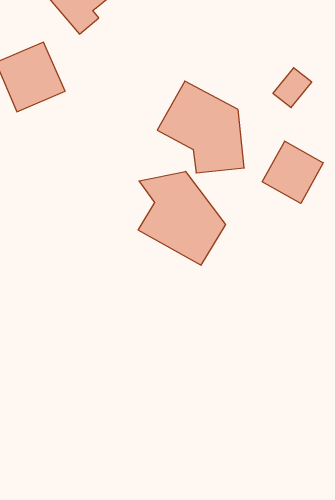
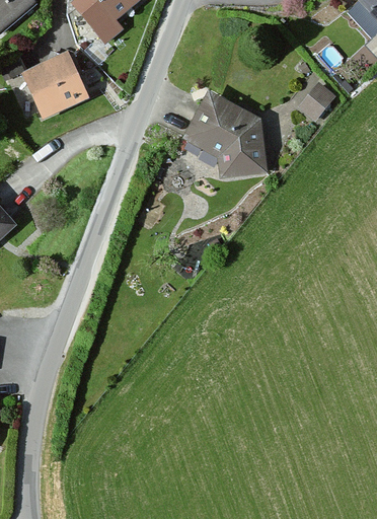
building: [262,141,323,203] -> none
building: [138,171,225,265] -> none

